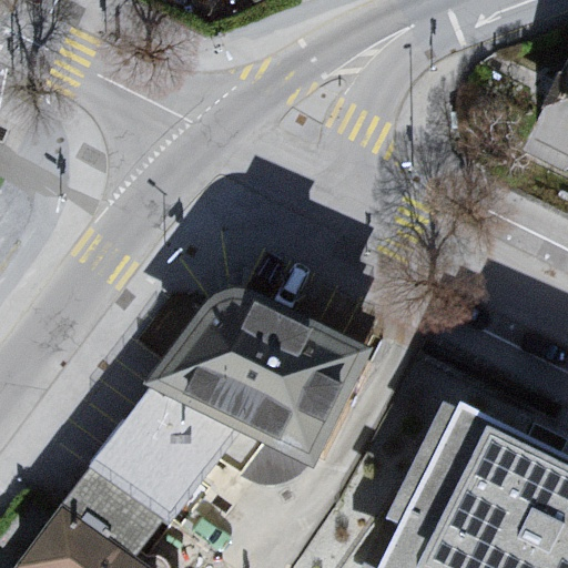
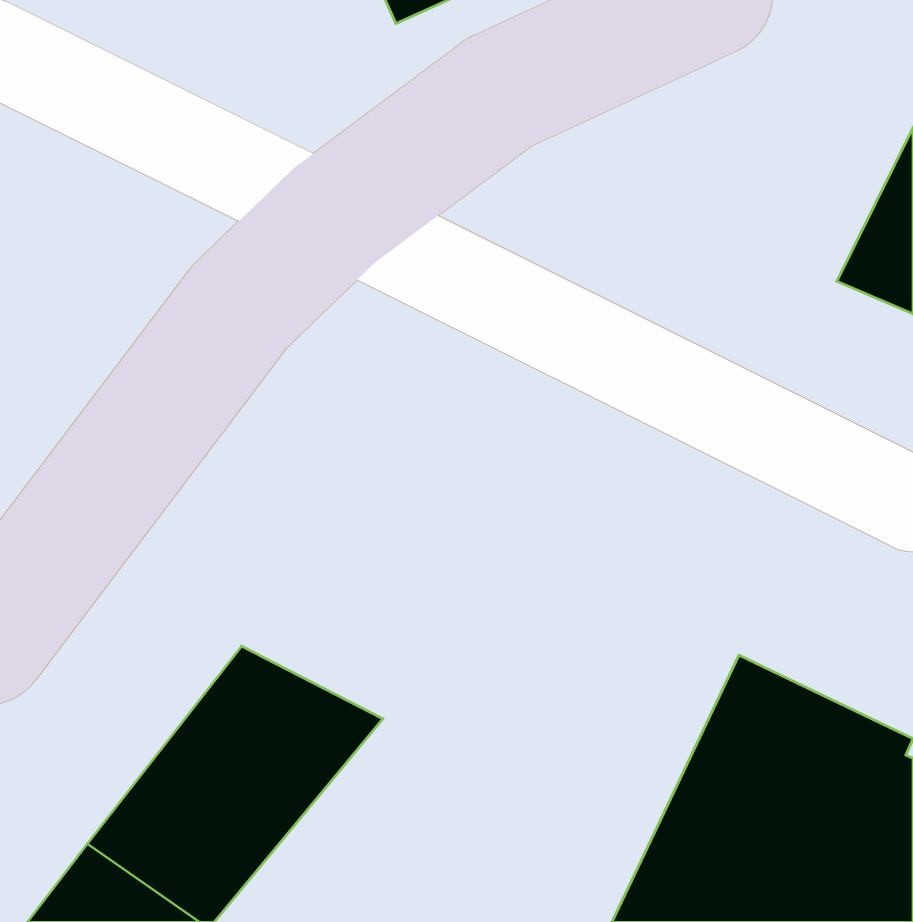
building: [148,306,362,477] -> none

